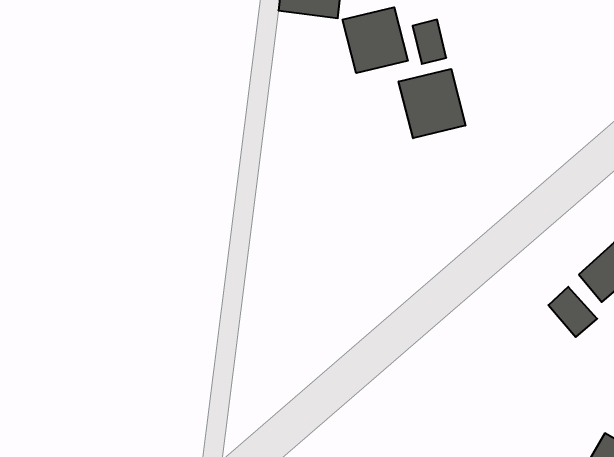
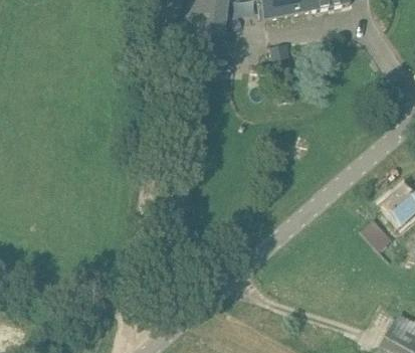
building: [343,7,408,73] -> none
building: [399,69,465,138] -> none

